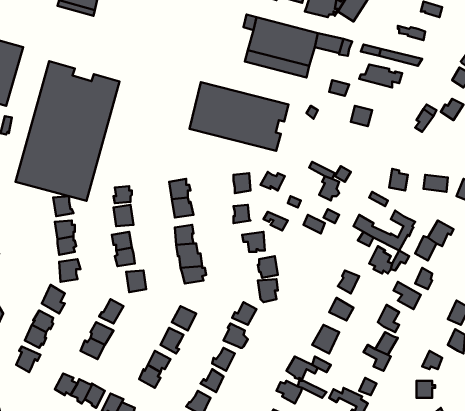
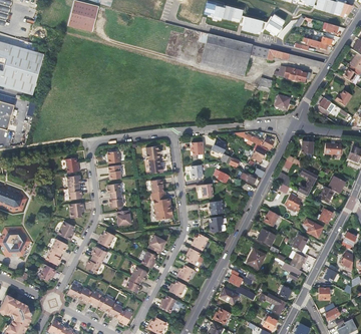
building: [15,61,119,201] -> none
building: [189,82,289,151] -> none

